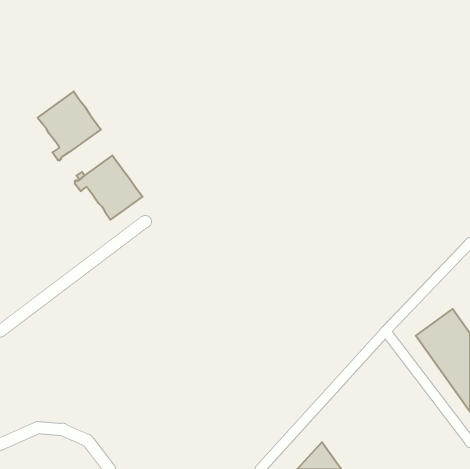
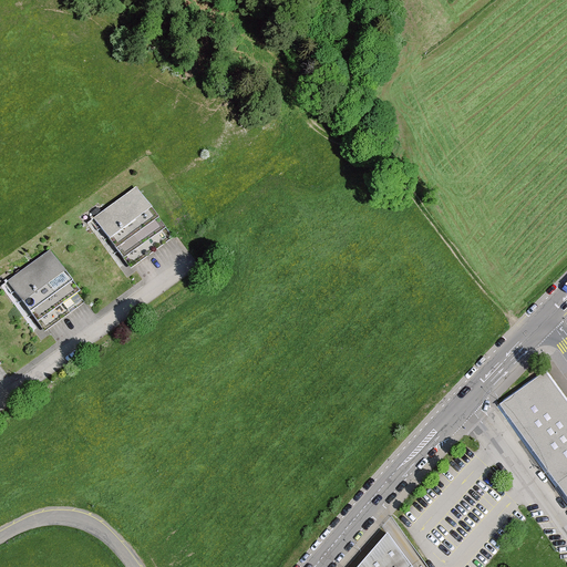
building: [38,91,101,161] -> none
building: none -> [4,250,85,328]

